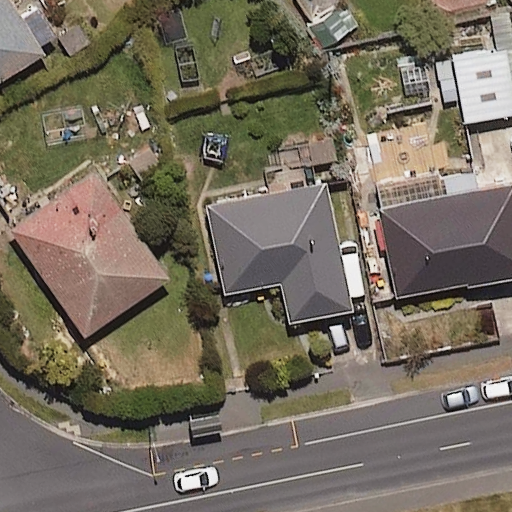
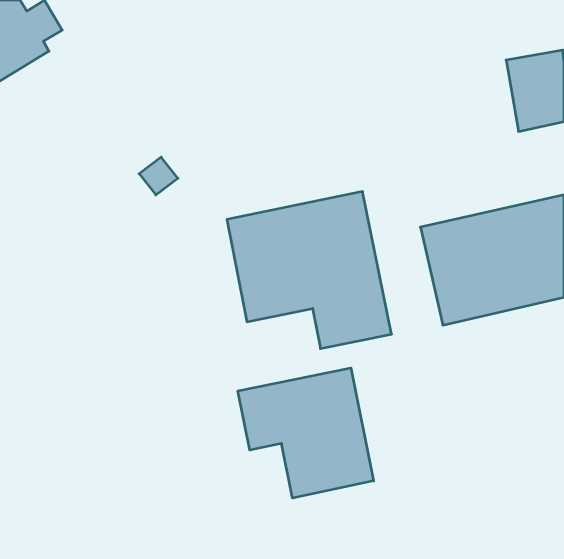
building: [10,171,170,338] -> none
building: none -> [238,368,374,498]

